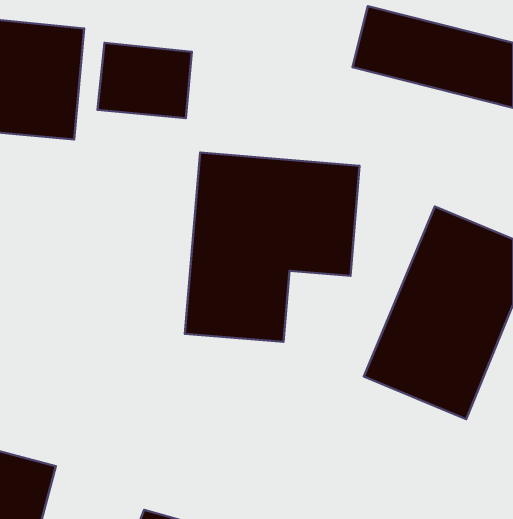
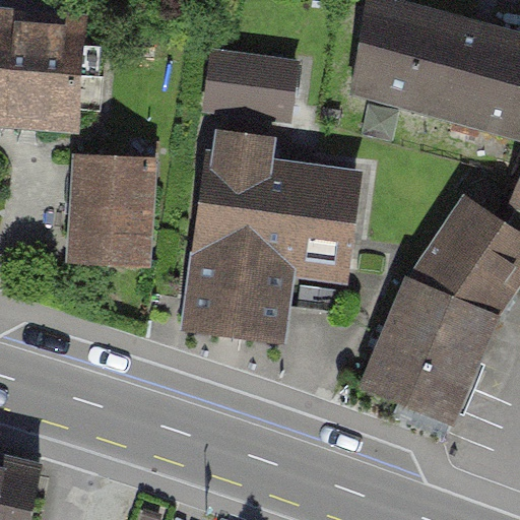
building: [97,43,192,118] -> [204,46,299,121]
building: none -> [68,159,154,266]

